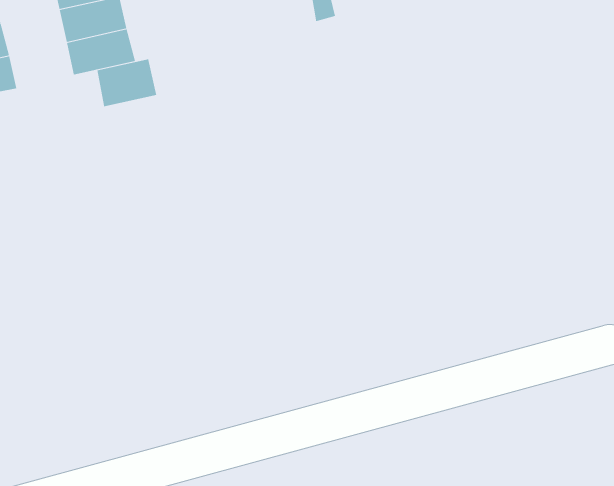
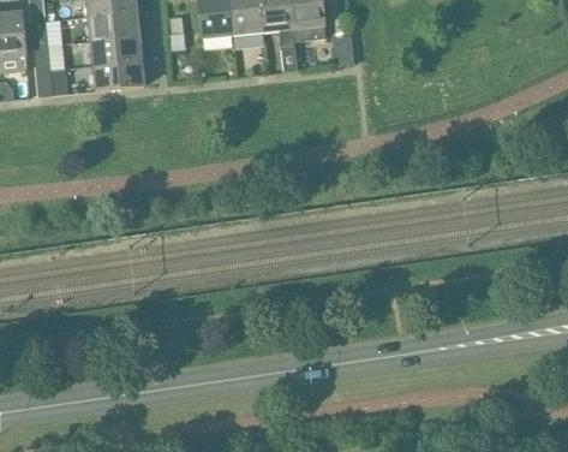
building: [97,59,157,107] -> none

